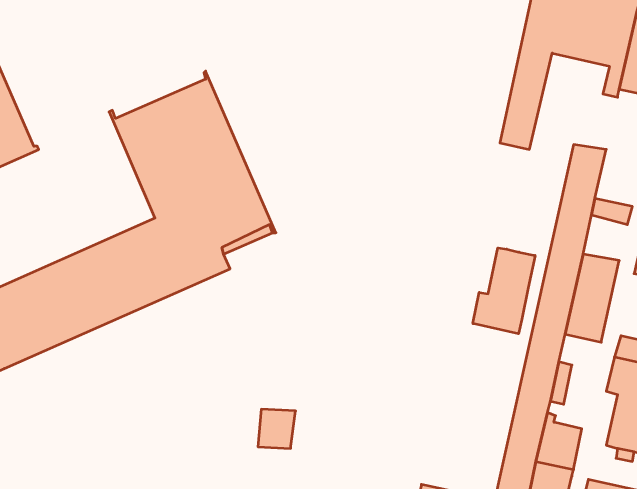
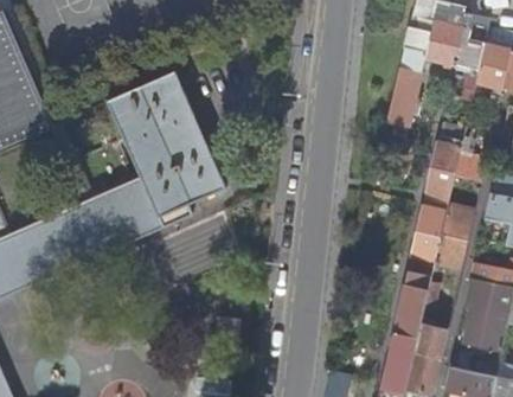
building: [473,248,535,334] -> none

